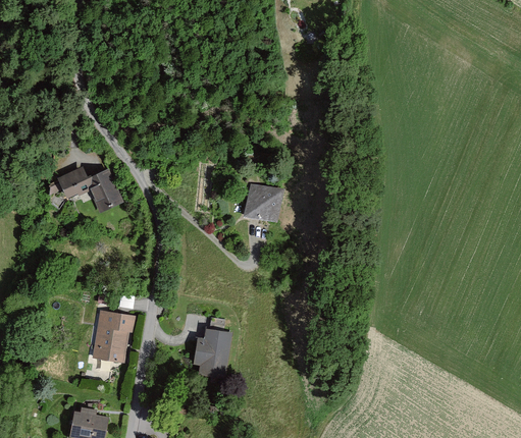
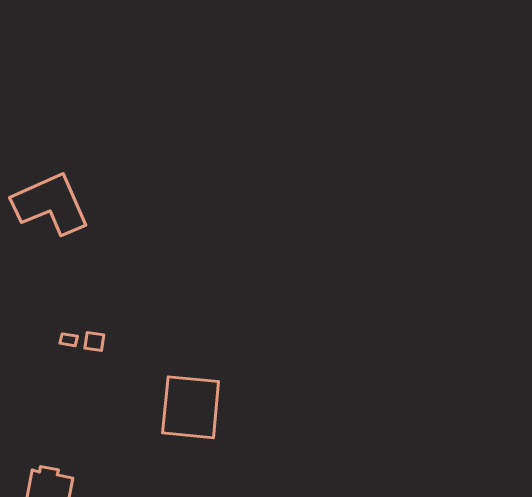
building: [246,185,285,219] -> none
building: [91,311,132,364] -> none

